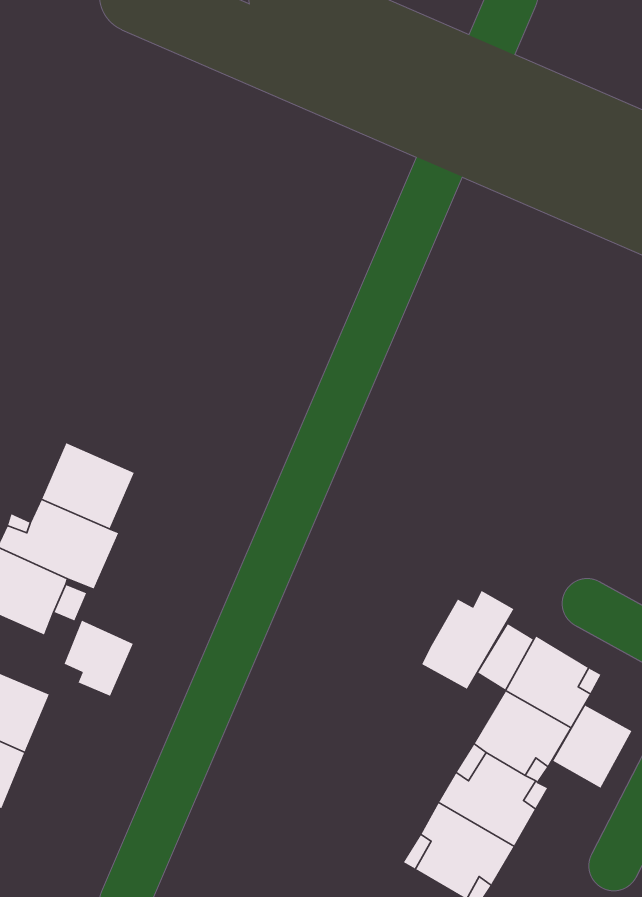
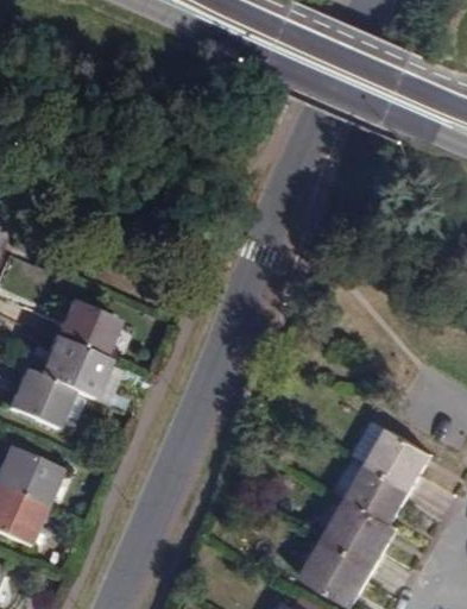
building: [421,590,515,690] -> none
building: [63,620,134,697] -> none
building: [552,704,632,789] -> none

